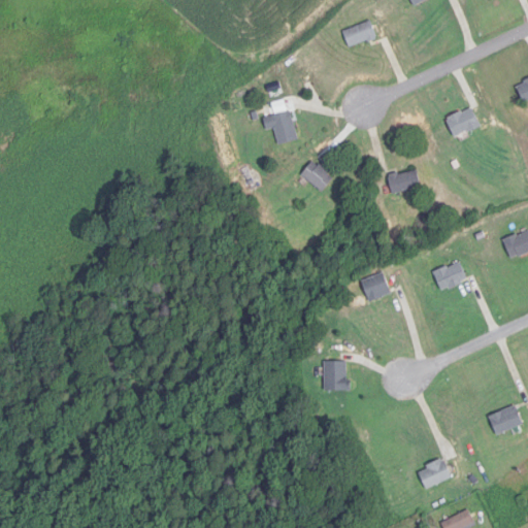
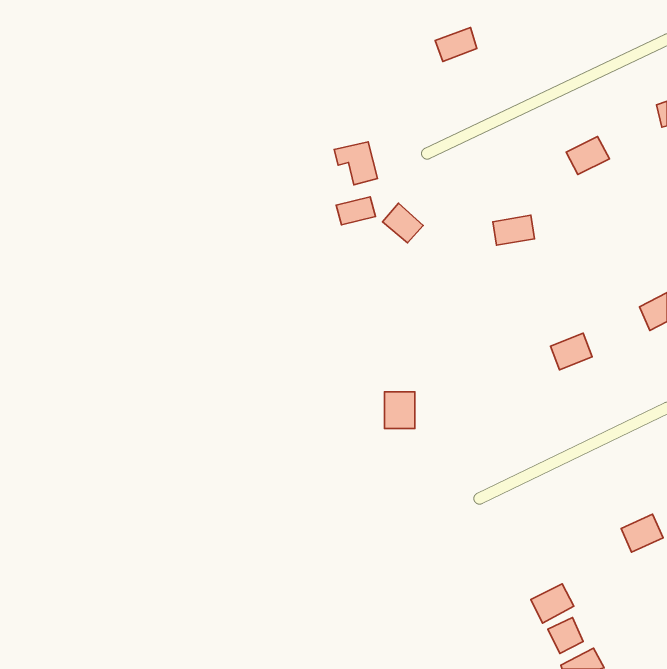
building: none -> [336,197,375,225]
building: [361,272,390,301] -> none
building: [324,361,348,390] -> [385,392,415,428]
building: none -> [548,617,583,654]

